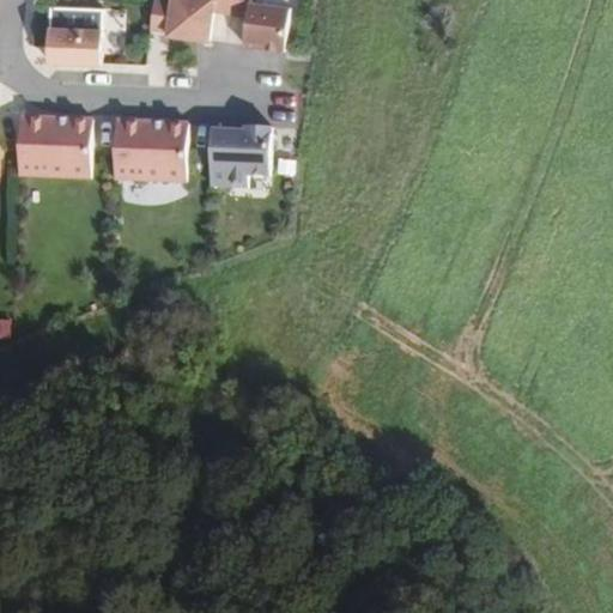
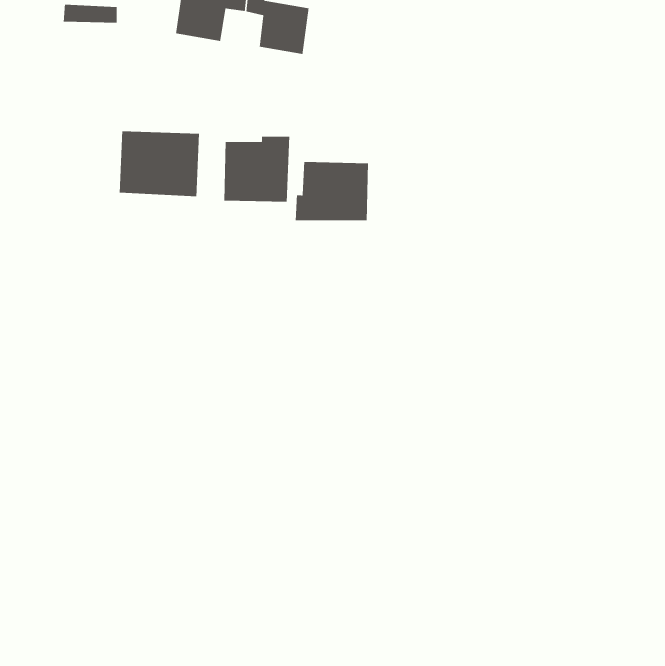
building: [45,25,99,61] -> none
building: [17,116,90,177] -> none
building: none -> [295,161,369,221]

